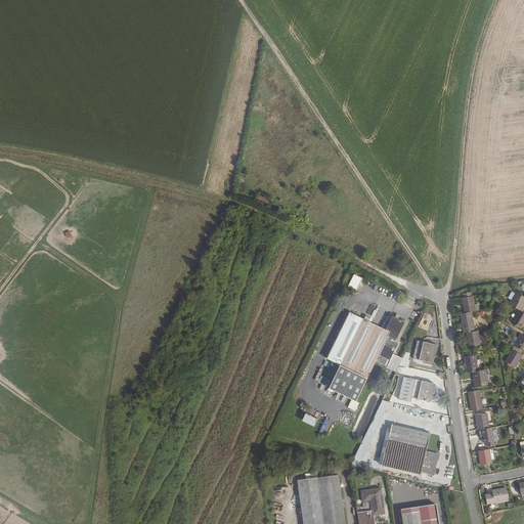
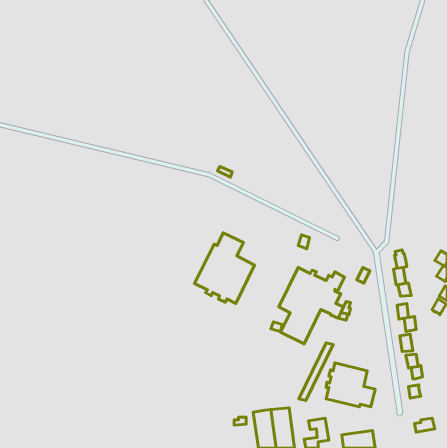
building: none -> [195,233,255,304]
building: [412,341,436,363] -> none
building: [397,377,434,402] -> none

